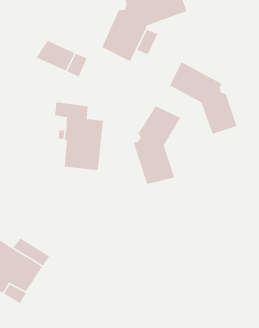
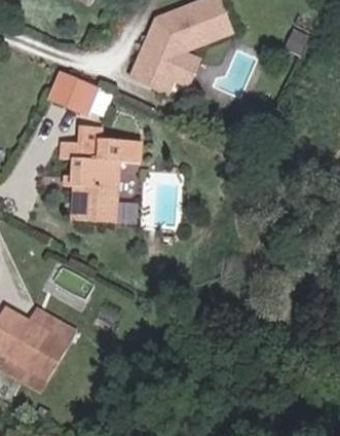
building: [169,61,237,135] -> none
building: [133,105,181,185] -> none

